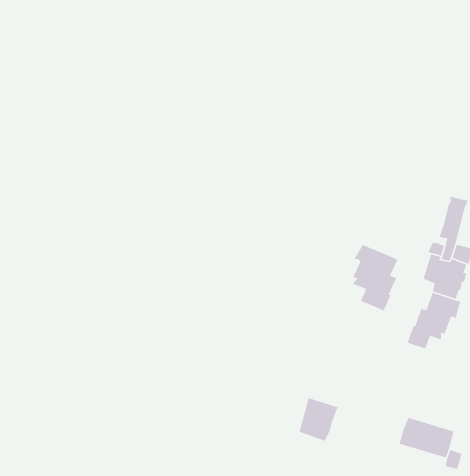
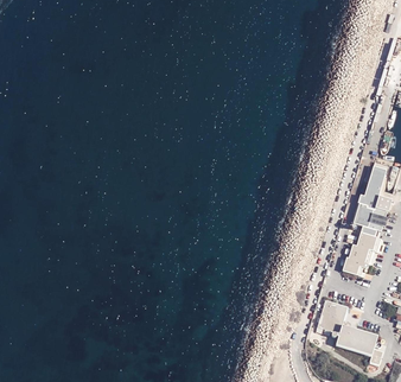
building: [352,244,399,311] -> none
building: [298,397,338,442] -> [319,300,349,333]

